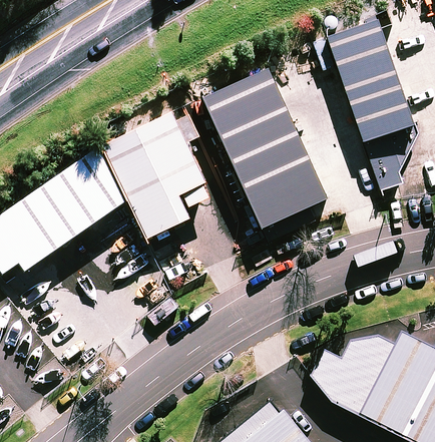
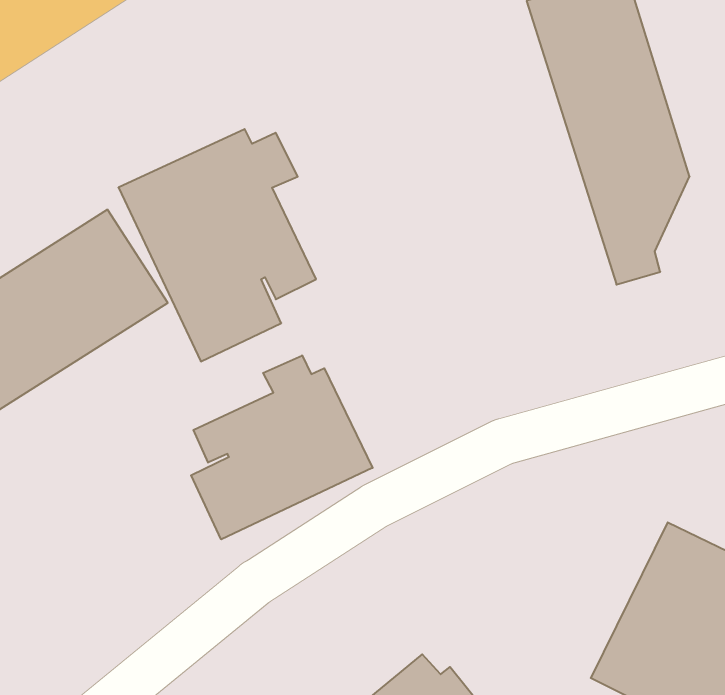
building: [197,69,327,248] -> none
building: none -> [191,355,373,539]
building: [309,332,396,411] -> none

